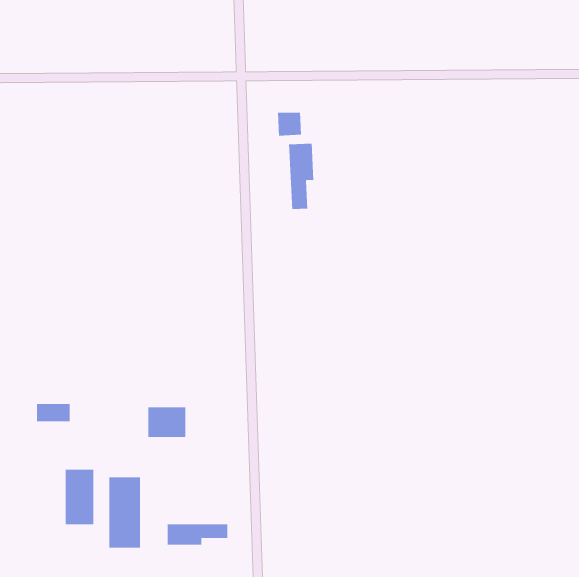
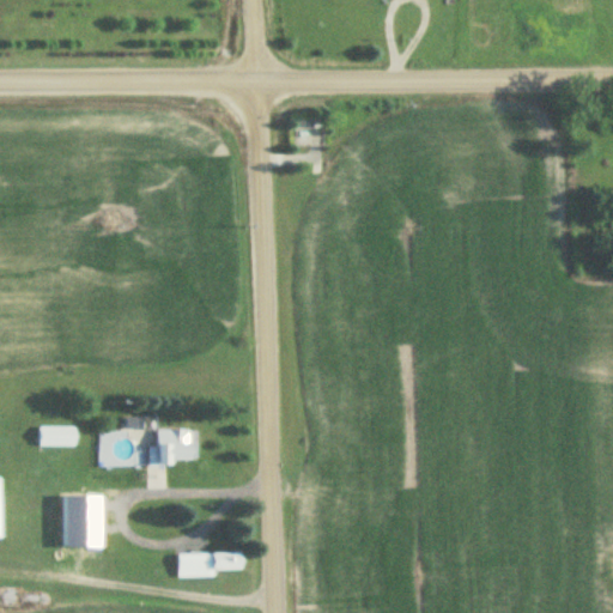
building: [289,143,314,210] -> none
building: [109,476,140,548] -> none

